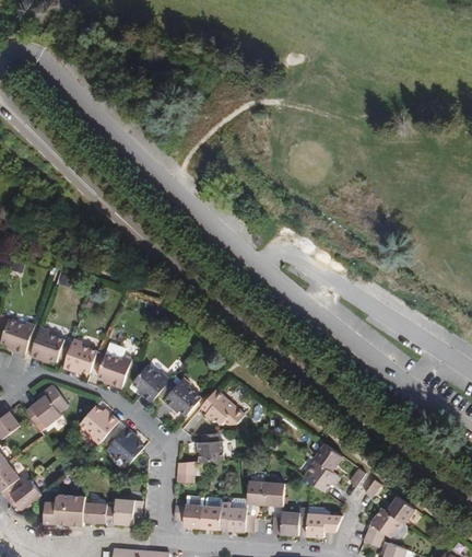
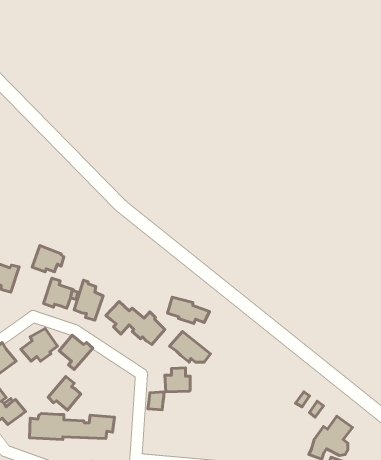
building: [25,327,62,358] -> [32,246,64,272]
building: none -> [168,297,209,324]
building: [103,423,141,463] -> [48,377,81,410]
building: [306,443,346,491] -> none
building: [184,479,285,531] -> none
building: [272,504,342,538] -> none

